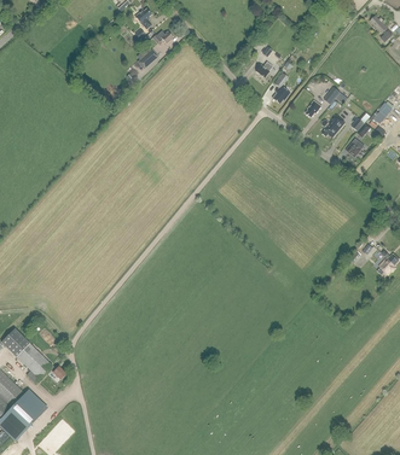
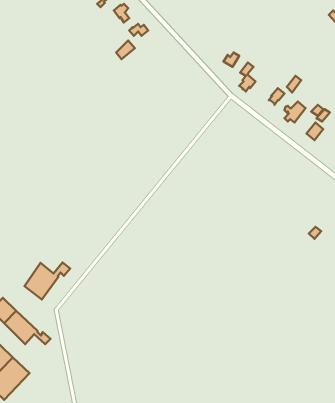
building: none -> [24,263,70,299]

